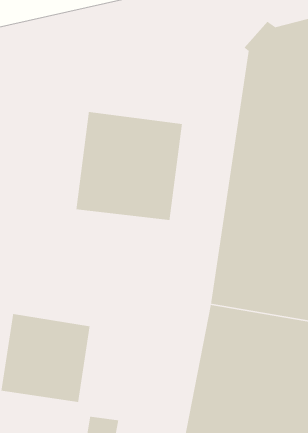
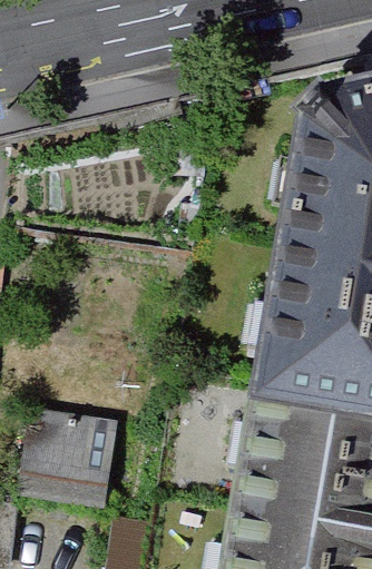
building: [75,111,183,221] -> none

